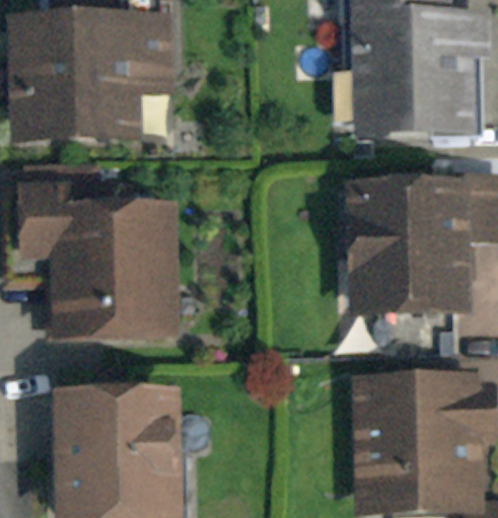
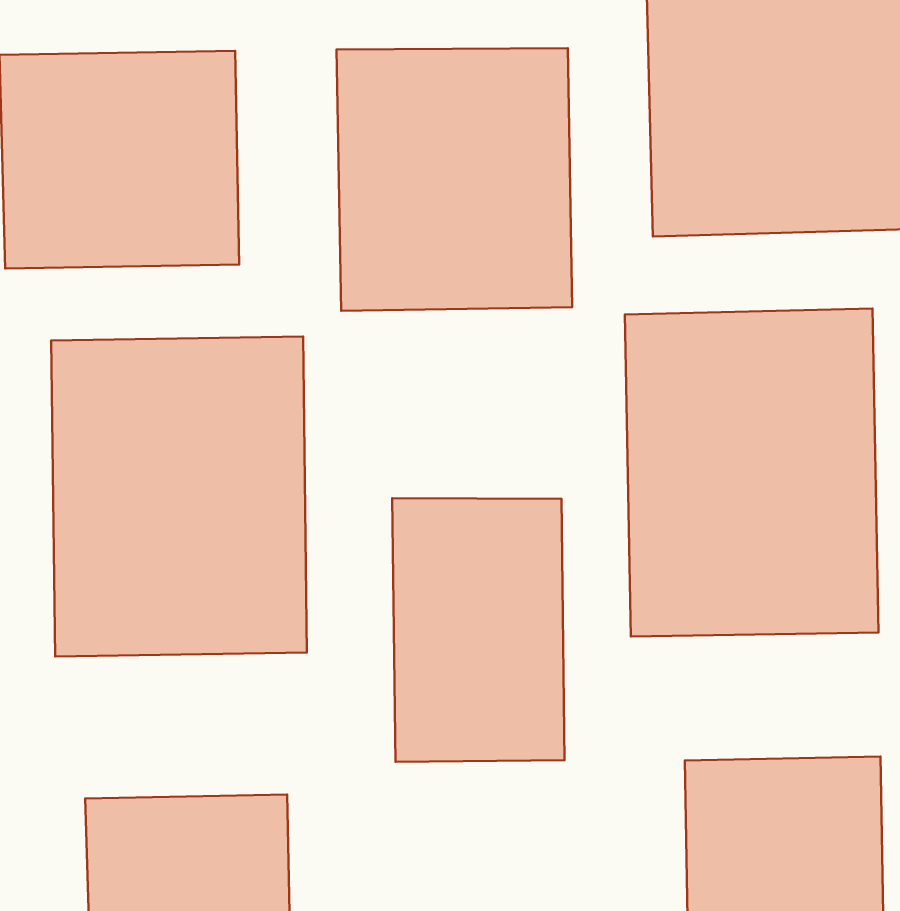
building: none -> [337,48,572,311]
building: none -> [392,498,565,762]

